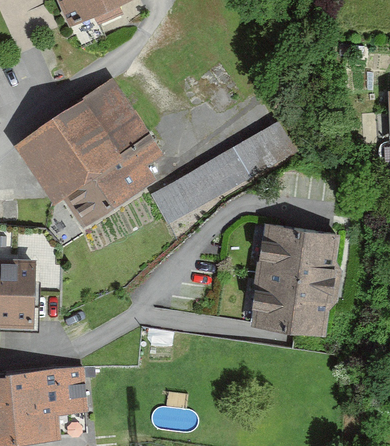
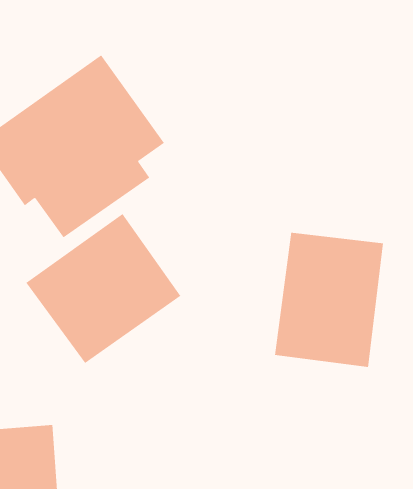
building: [153,112,303,222] -> none
building: none -> [26,213,181,364]

